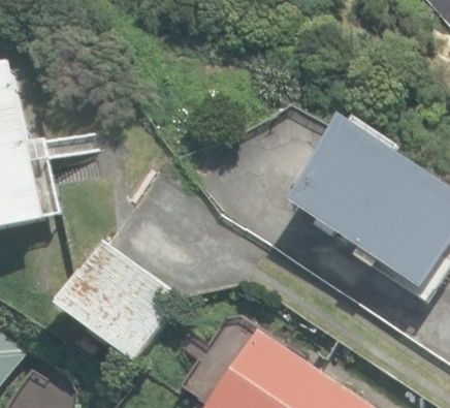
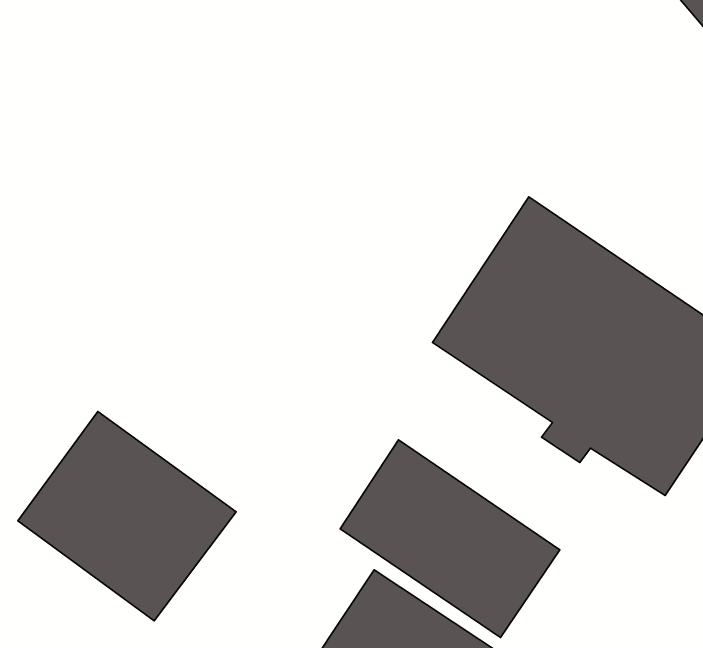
building: none -> [340,440,560,638]

